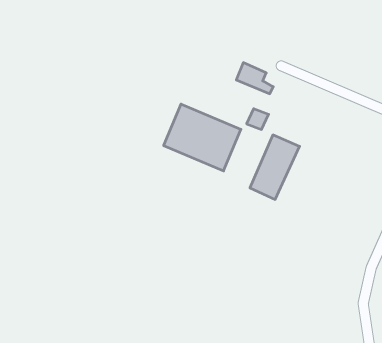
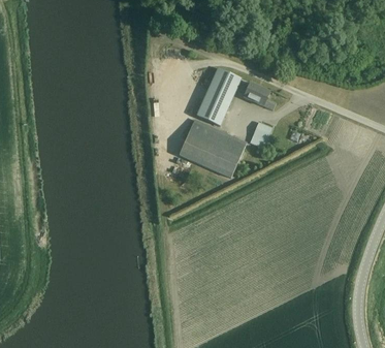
building: [250,135,300,199] -> [196,67,240,125]

